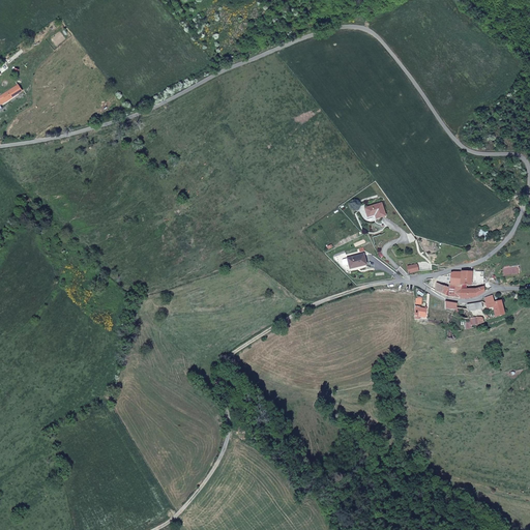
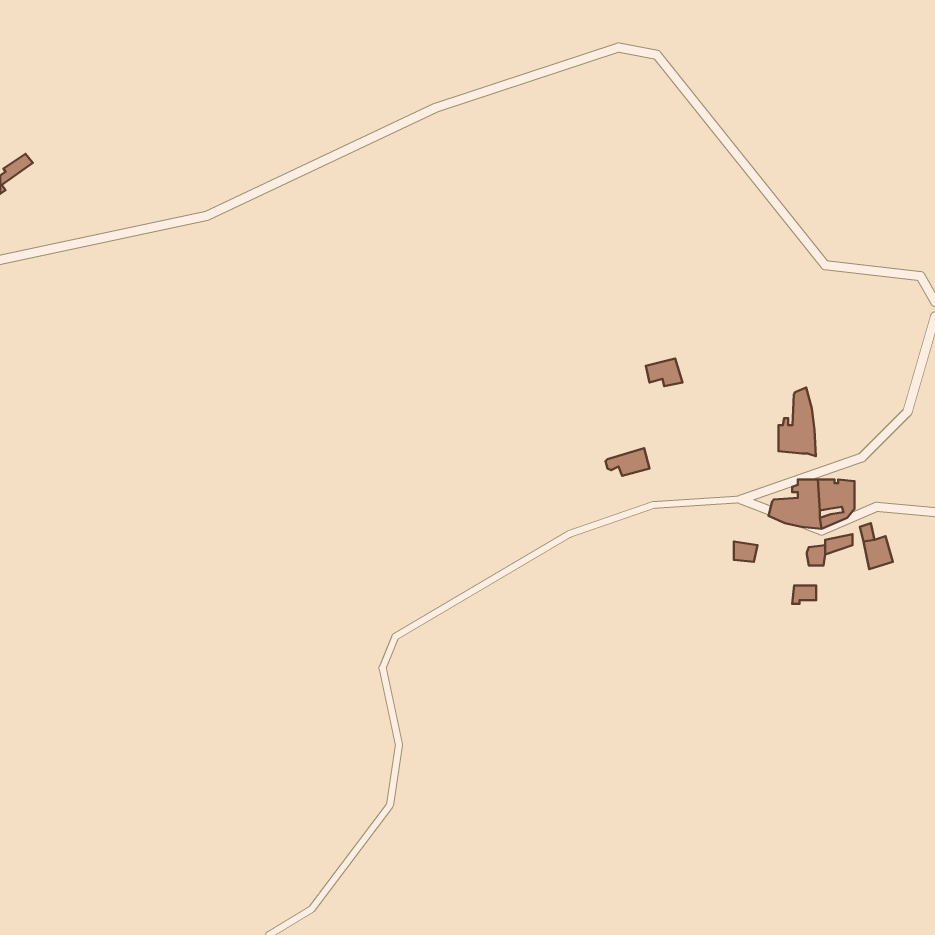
building: none -> [779,387,816,456]

